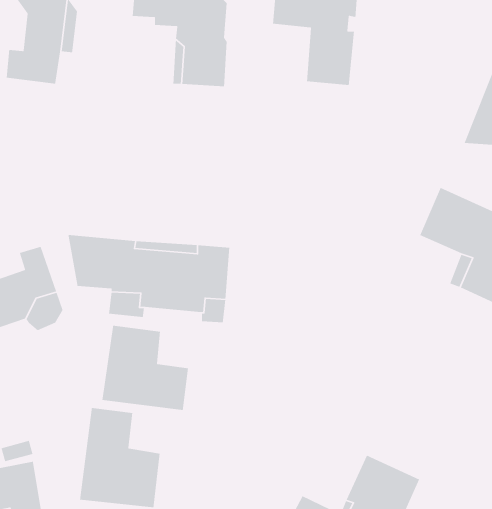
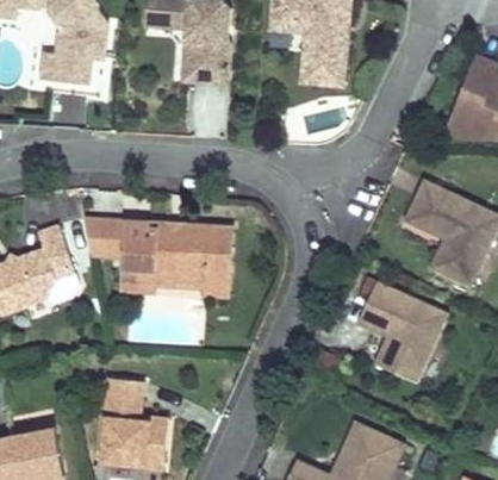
building: none -> [357,281,448,382]
building: [102,325,189,411] -> none

